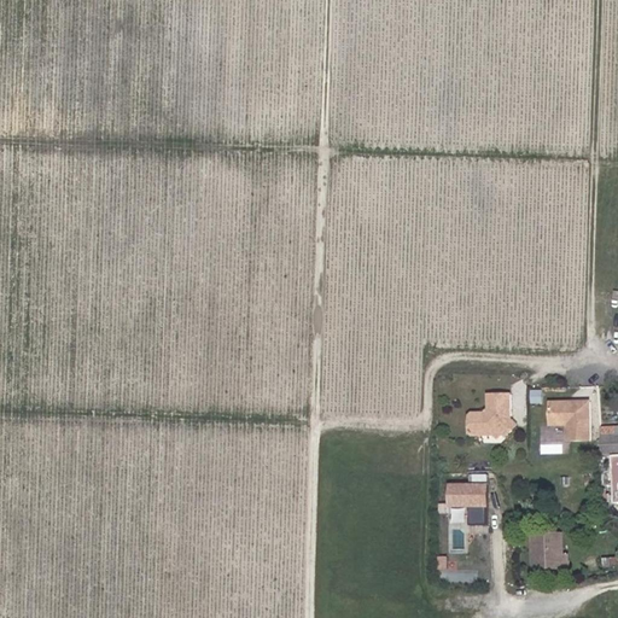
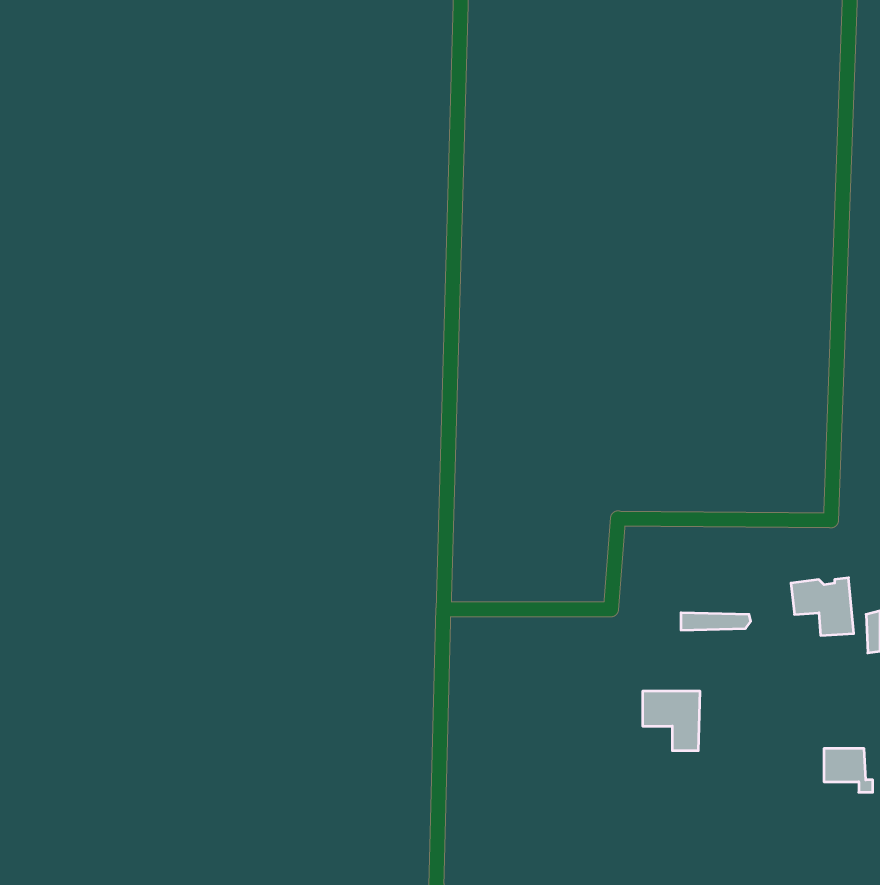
building: [471,398,518,425] -> none
building: [530,534,564,564] -> [824,749,873,792]

